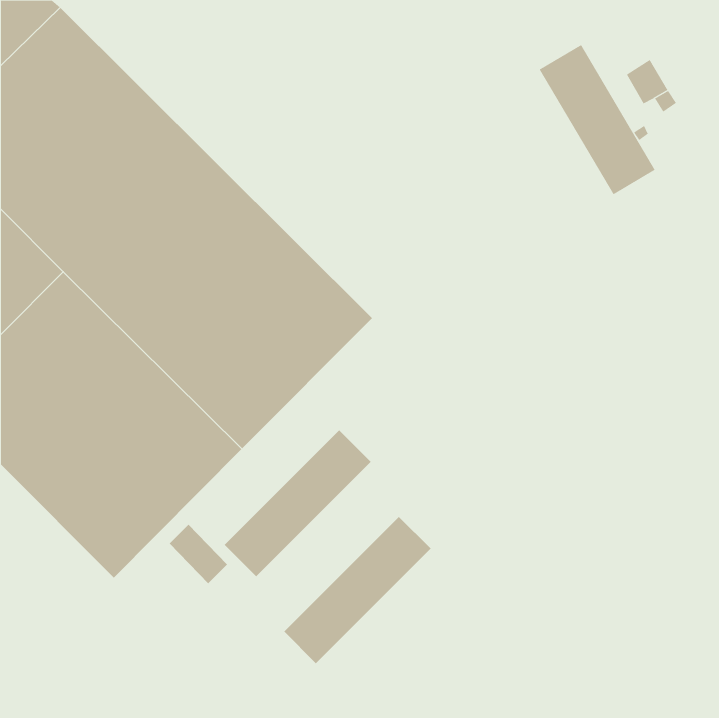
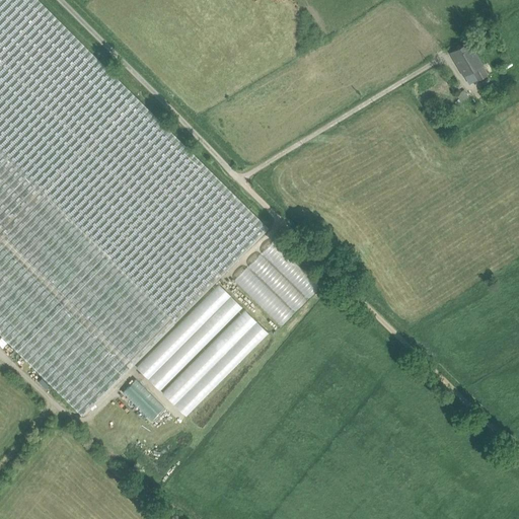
building: [539,44,656,195] -> none
building: none -> [233,243,316,325]
building: [284,516,431,664] -> [135,285,241,391]

